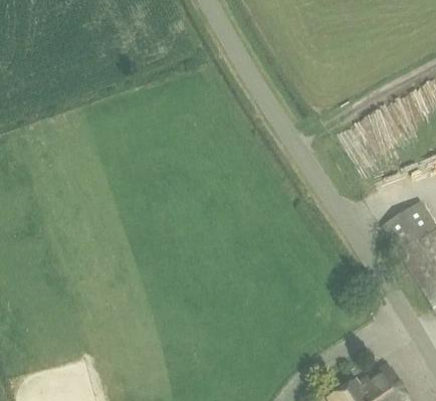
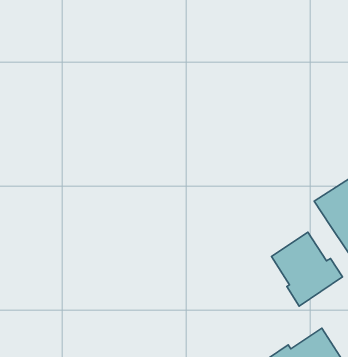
building: none -> [272,232,342,306]

